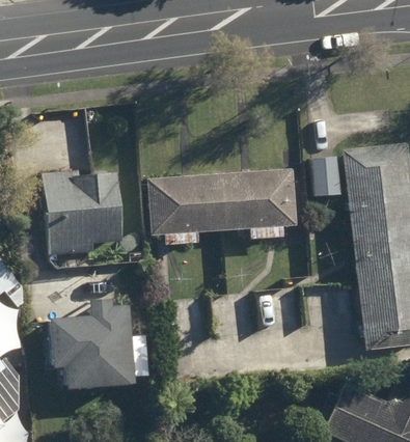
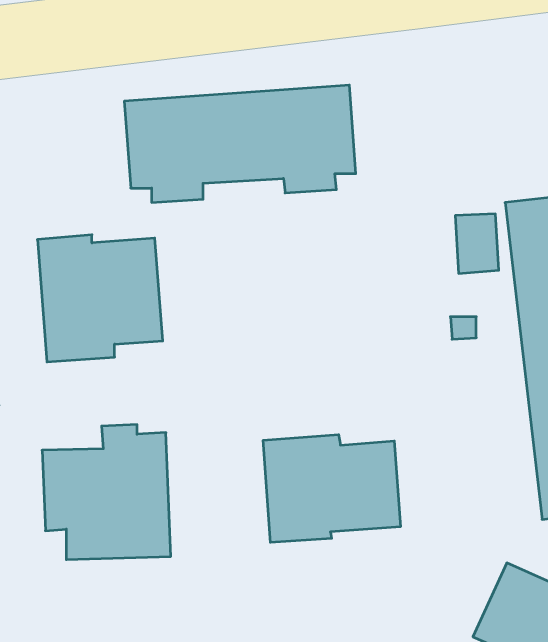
building: [147,170,297,246] -> [124,85,356,202]
building: none -> [263,435,400,542]

